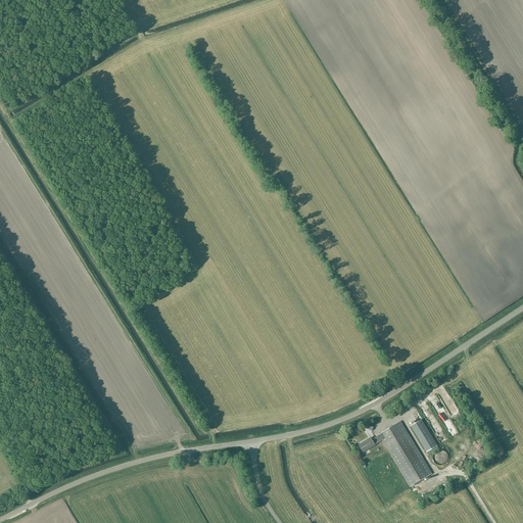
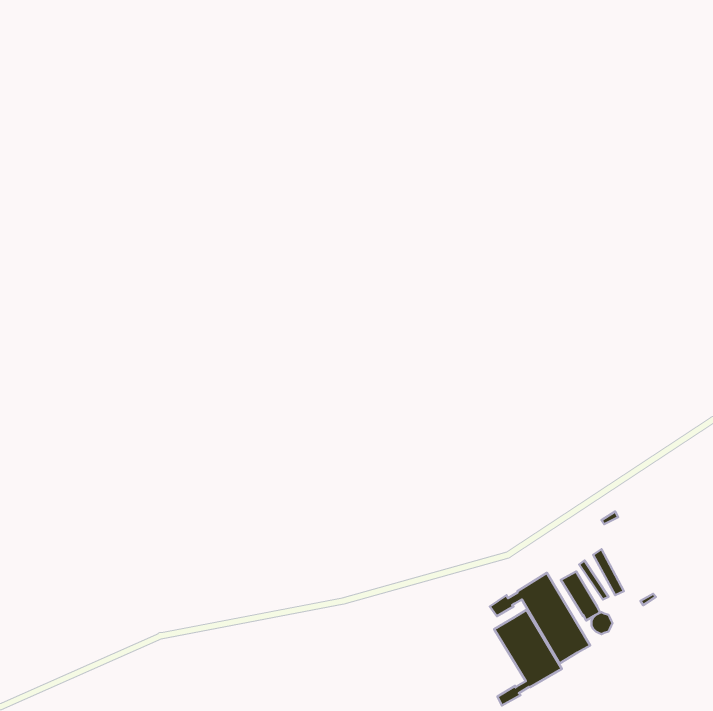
building: none -> [494,610,562,705]

